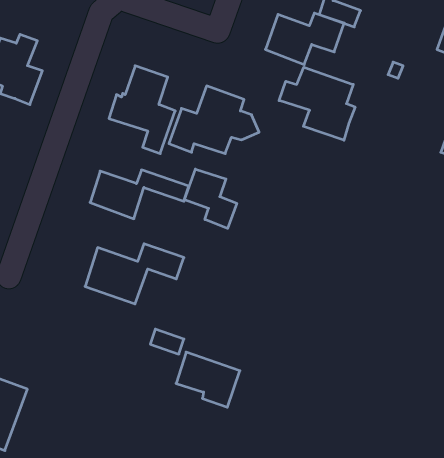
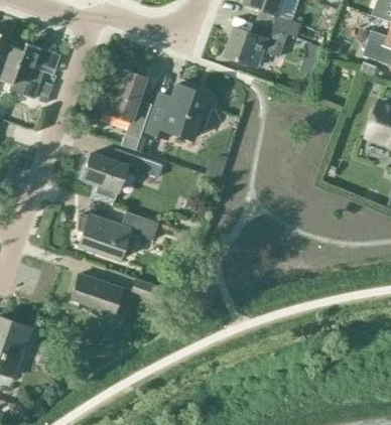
building: [279,67,355,140] -> none
building: [184,169,237,228] -> none
building: [176,352,240,407] -> [72,274,123,318]

